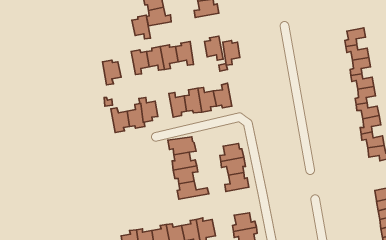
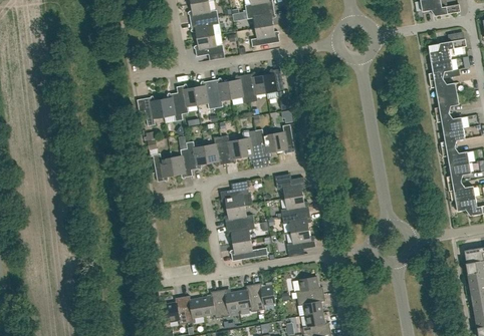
building: none -> [429,38,466,62]
building: [132,15,151,39] -> [161,92,183,120]
building: [223,41,240,65] -> [246,72,266,101]
building: none -> [205,135,226,164]
building: none -> [276,177,305,198]

